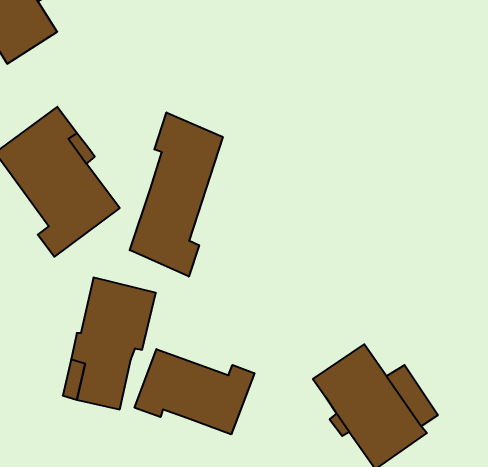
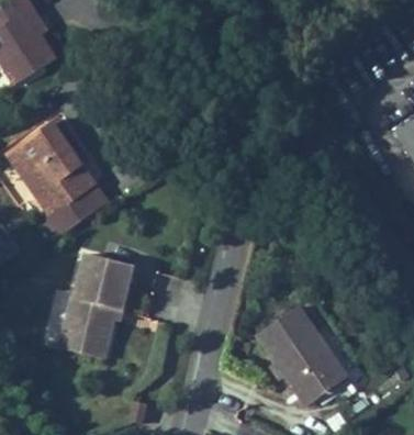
building: [130,112,223,277] -> none
building: [135,349,254,434] -> none

